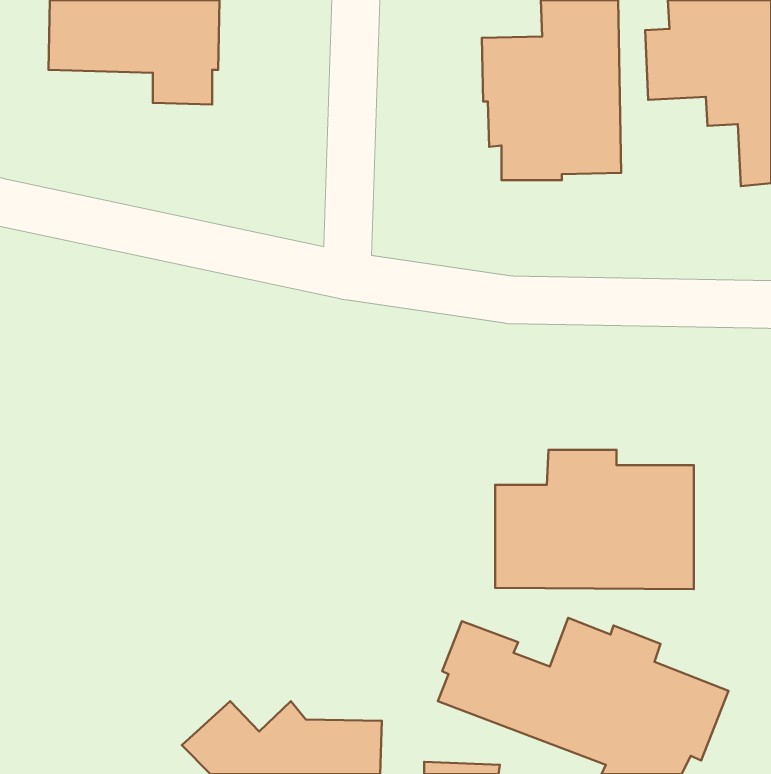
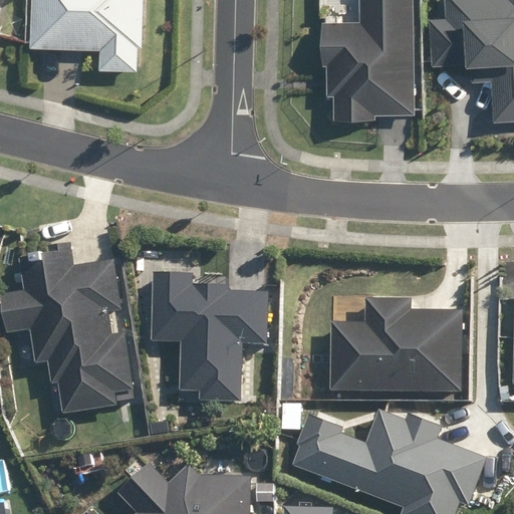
building: none -> [4,244,137,415]
building: none -> [154,273,271,404]

